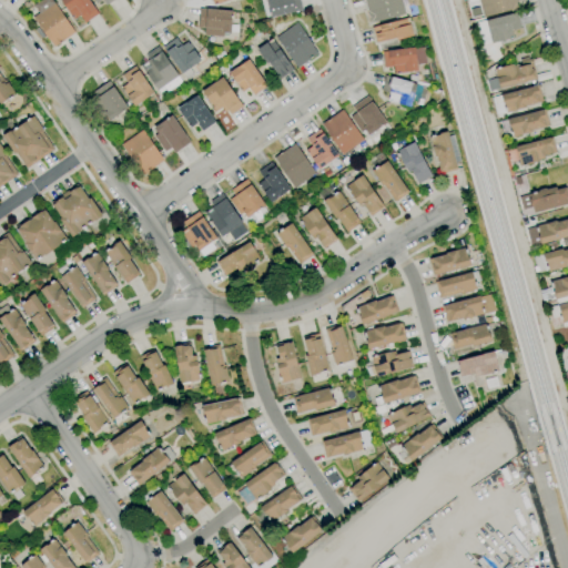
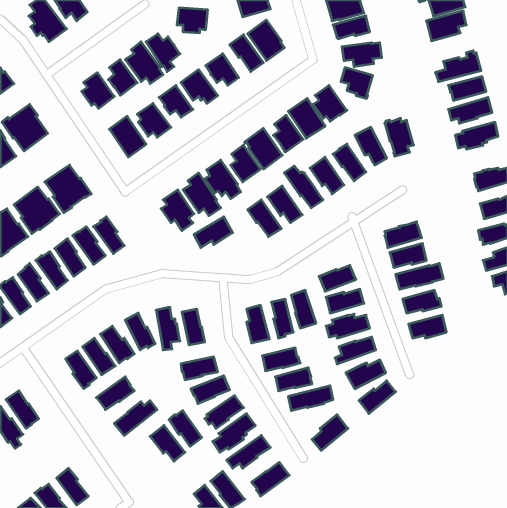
building: [142,486,184,531] -> none
building: [23,489,64,527] -> none

